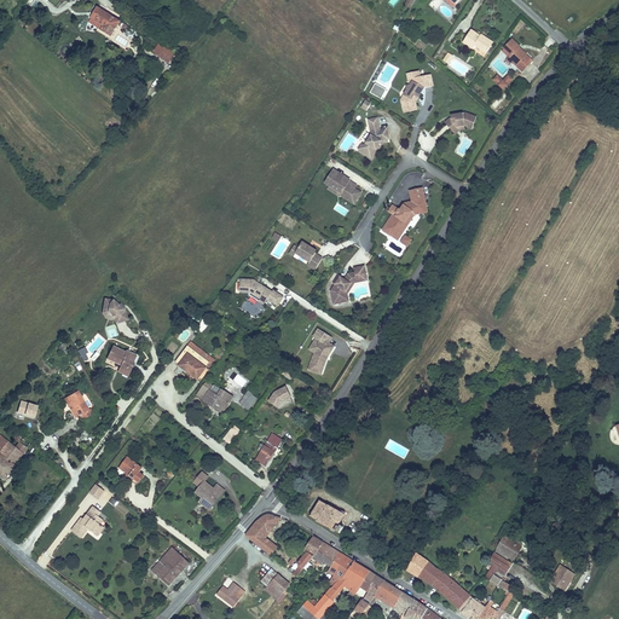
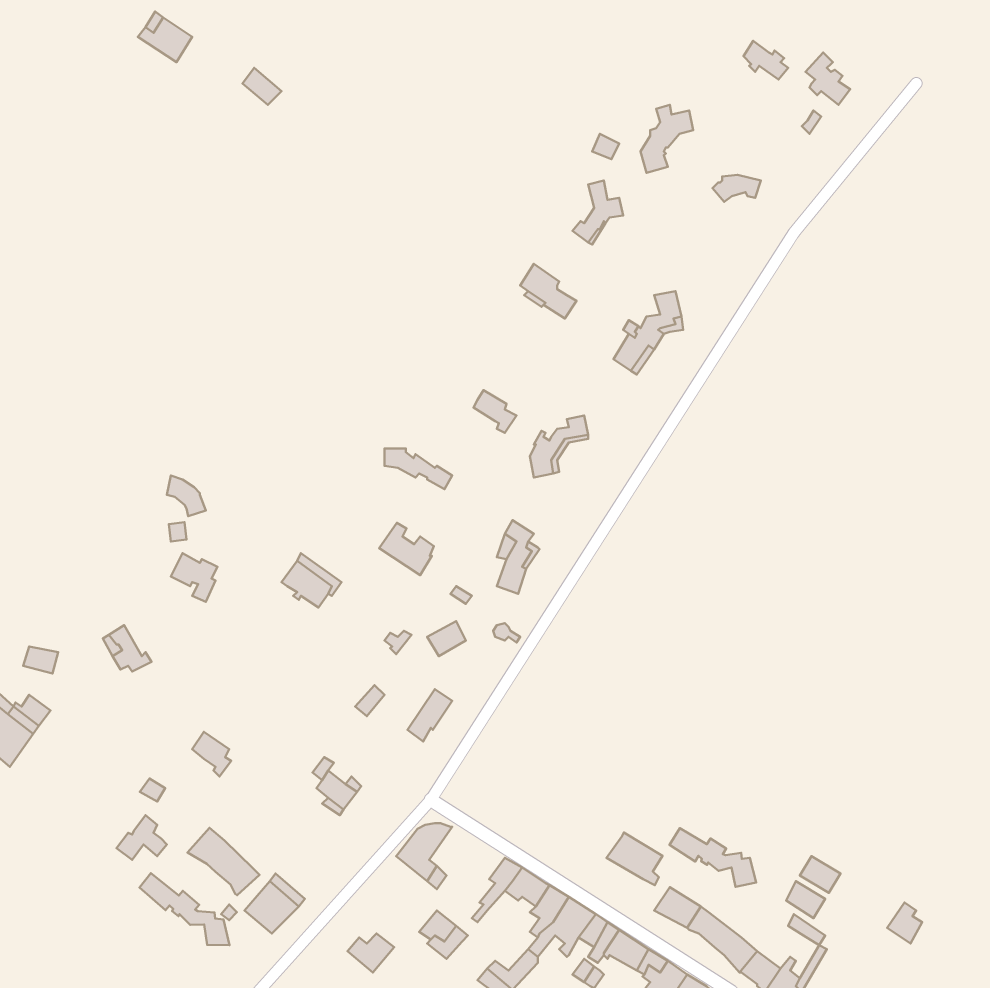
building: [196,381,230,413] -> [379,523,434,575]
building: [311,499,346,532] -> [606,833,663,885]
building: none -> [188,828,259,895]
building: none -> [670,828,756,887]
building: none -> [139,873,229,945]

